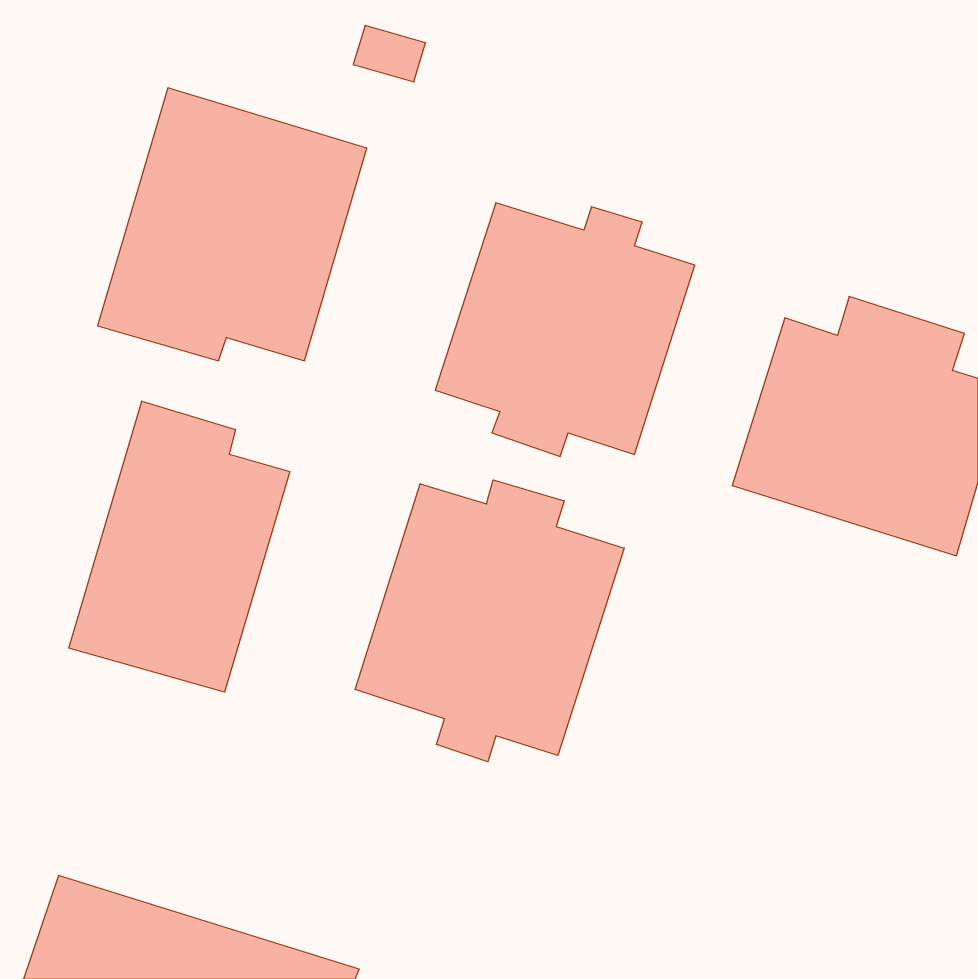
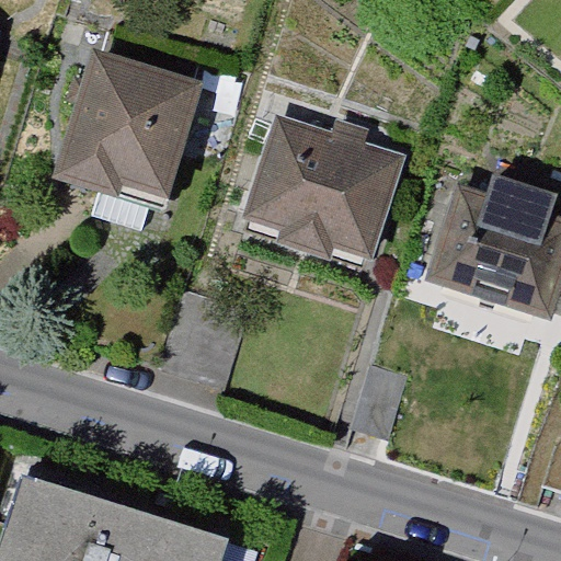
building: [69,401,290,692] -> none
building: [355,480,624,762] -> none

